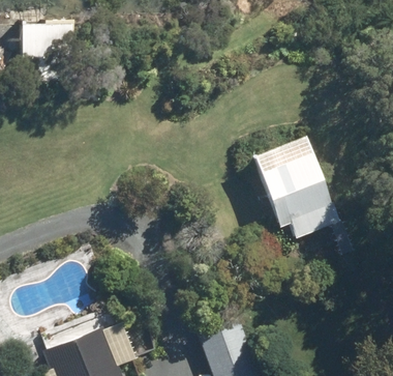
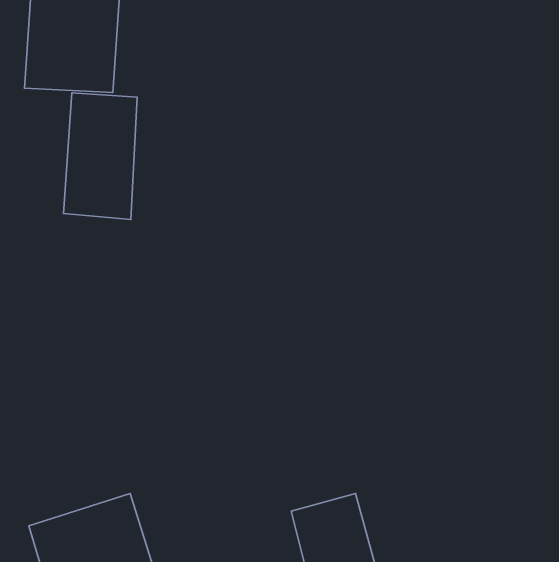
building: none -> [64,93,137,219]
building: [256,149,345,240] -> none

